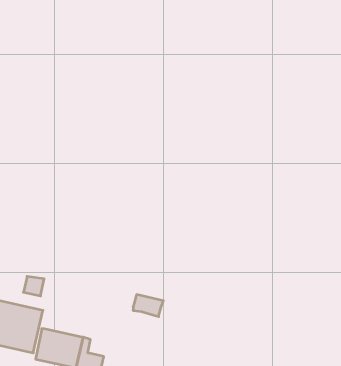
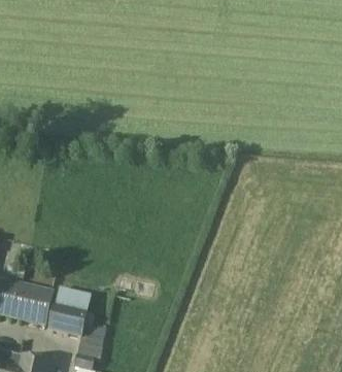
building: none -> [58,286,94,312]

